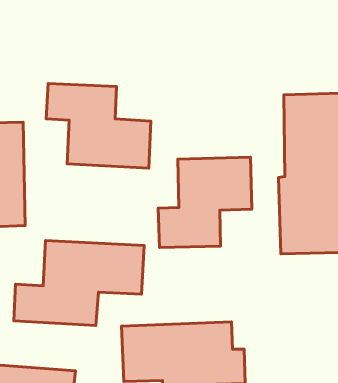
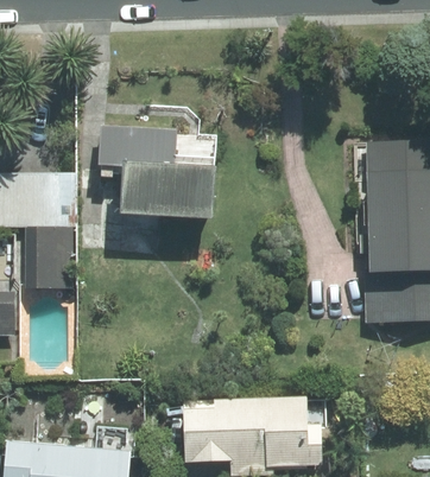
building: [158,157,252,247] -> none
building: [14,240,144,325] -> none

